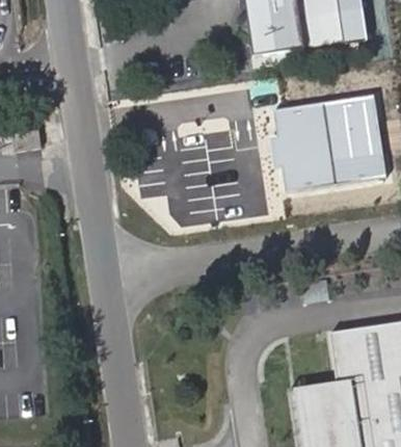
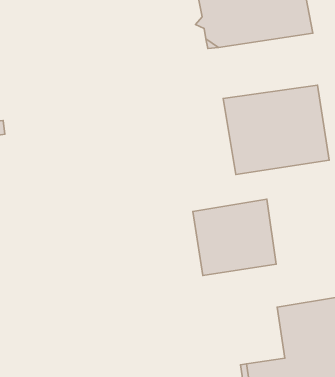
building: none -> [193,199,276,275]

